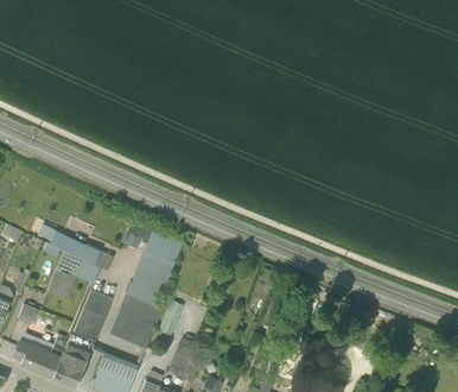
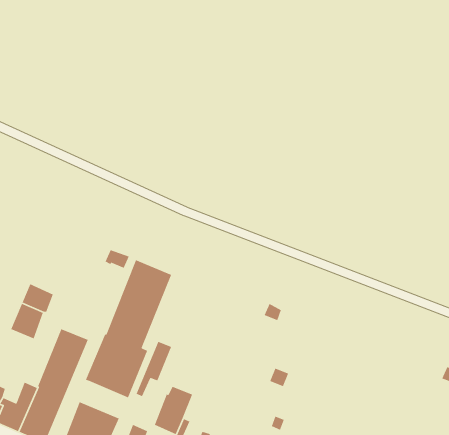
building: [49,230,100,266] -> none

